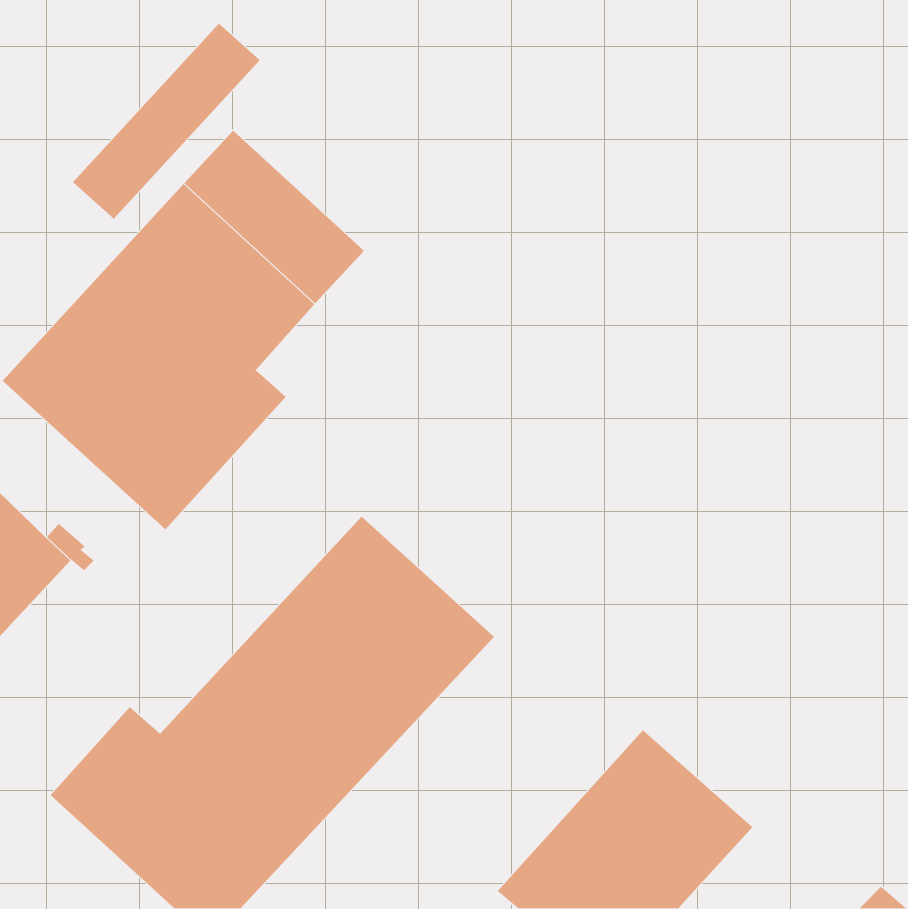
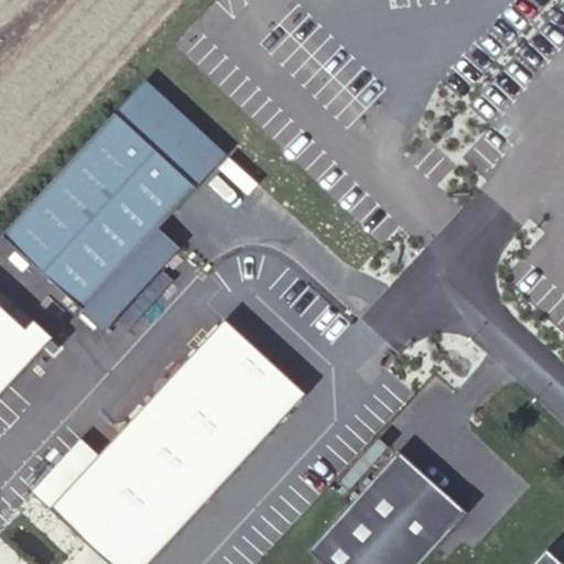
building: [72,23,261,220] -> none

